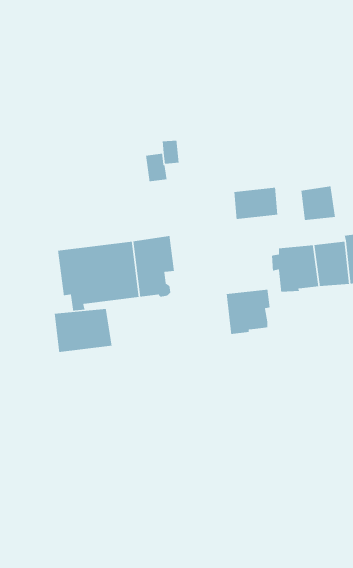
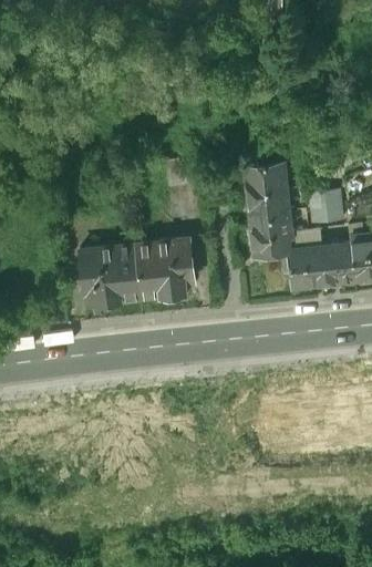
building: none -> [245,162,288,195]
building: [226,289,271,335] -> [250,217,292,260]
building: [54,308,113,353] -> none

